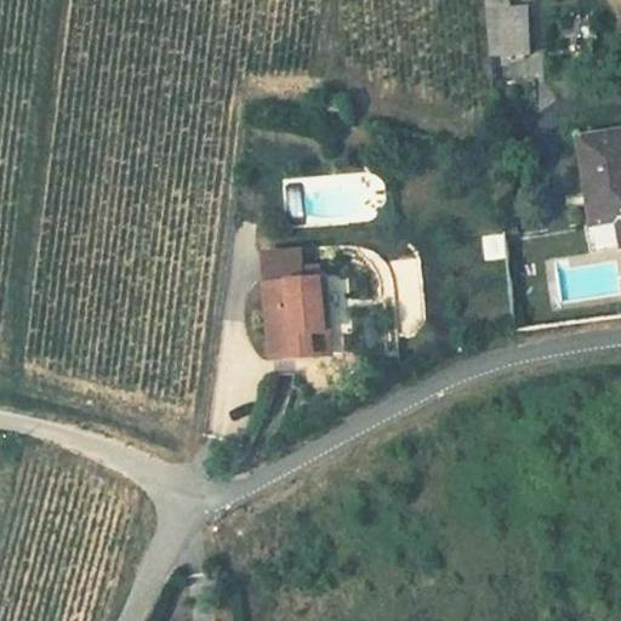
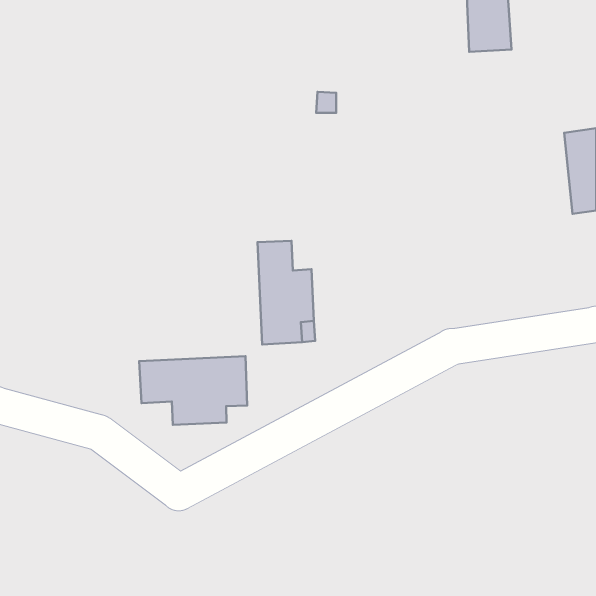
building: none -> [139,356,247,425]

